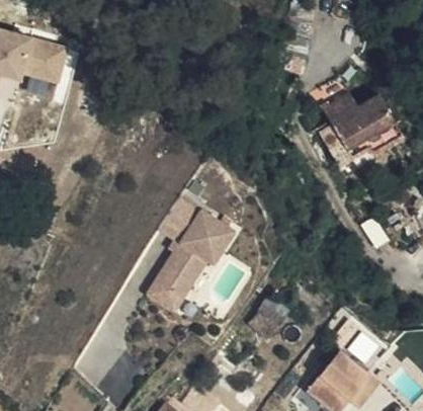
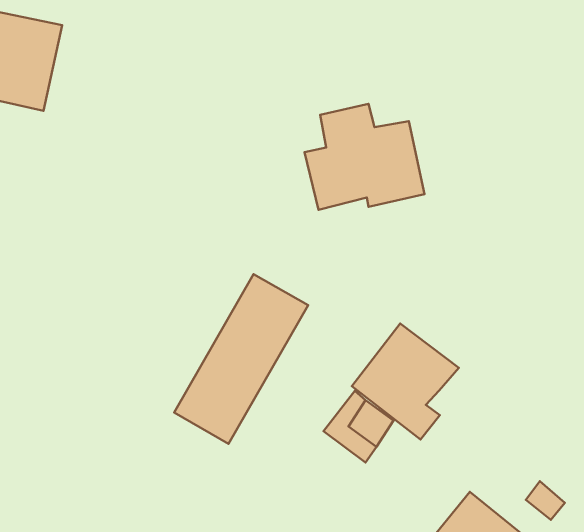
building: [309,81,387,150] -> [305,104,424,210]
building: none -> [352,324,459,439]

